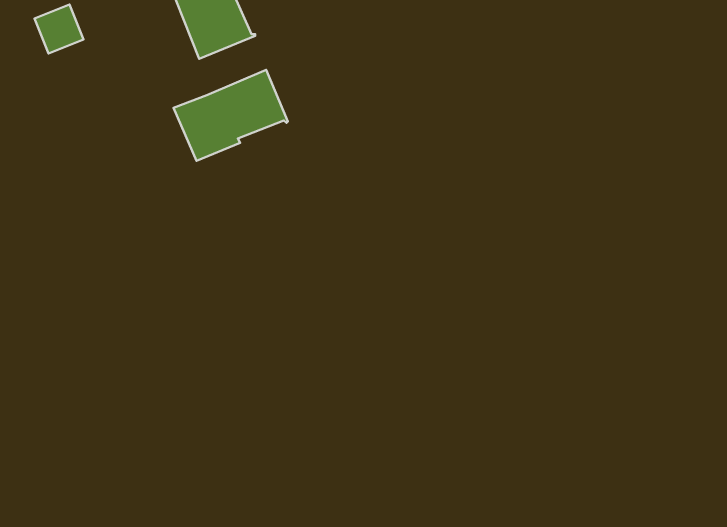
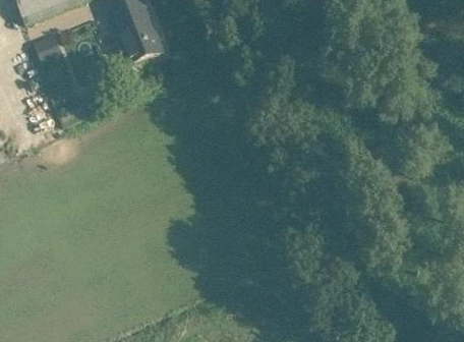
building: [173,70,288,161] -> none

